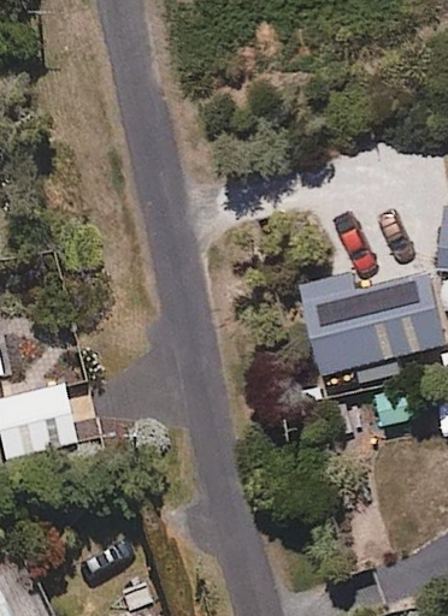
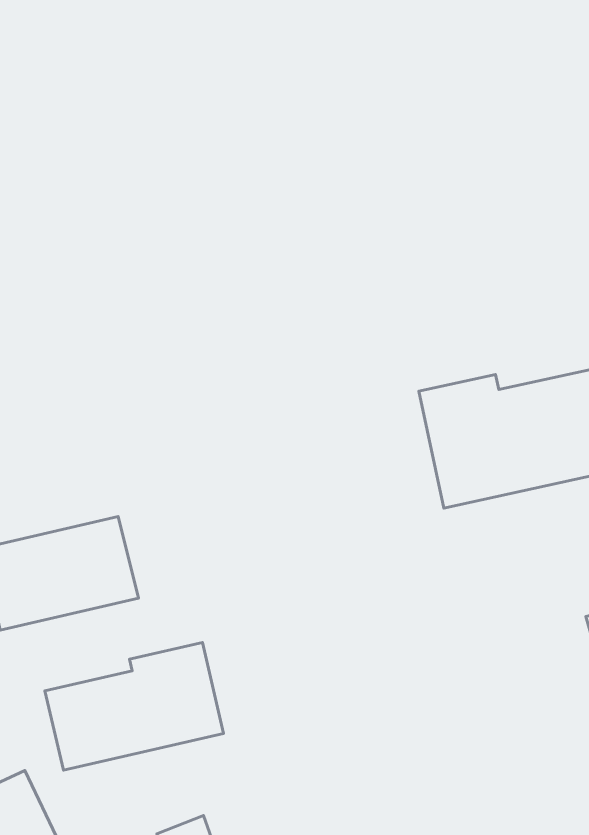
building: none -> [45,642,224,770]

